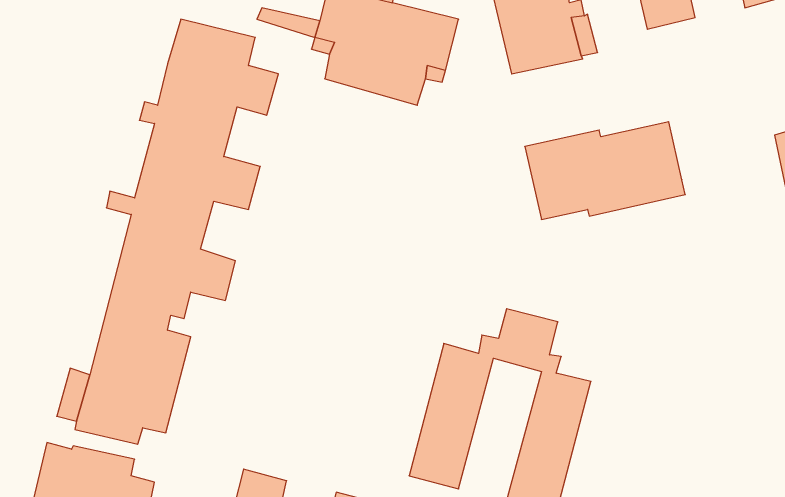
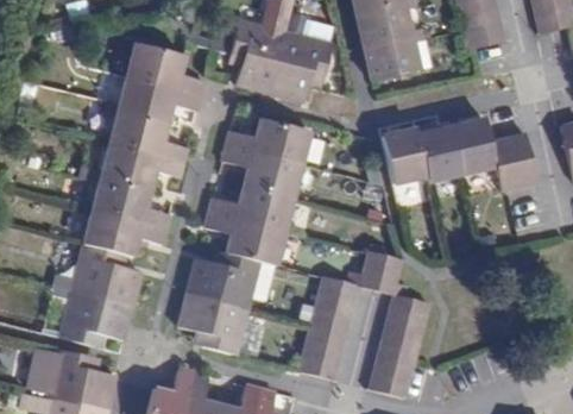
building: none -> [177,119,311,356]
building: none -> [493,151,536,192]

